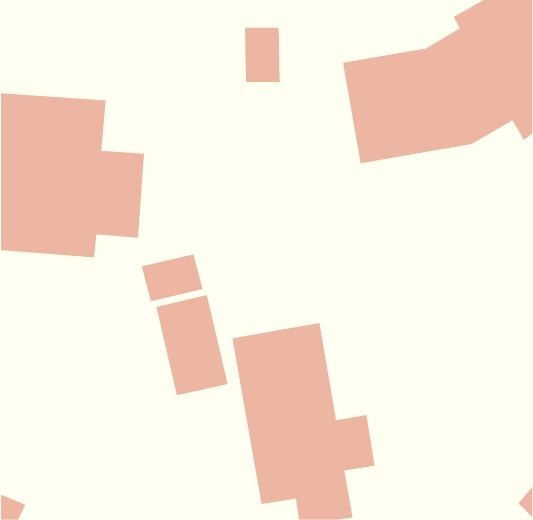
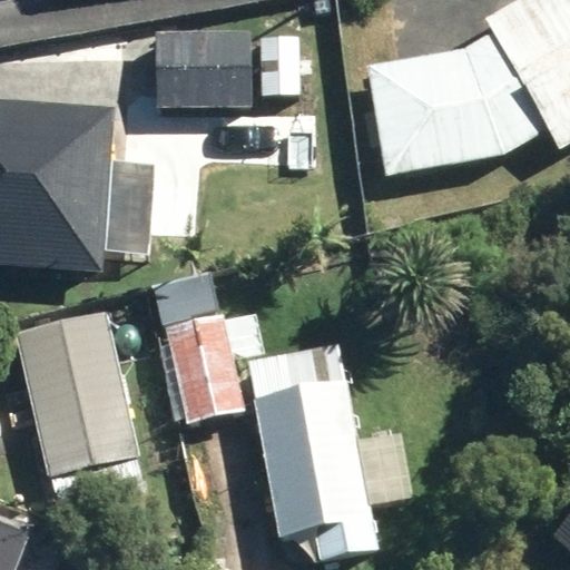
building: none -> [154,29,252,106]
building: none -> [16,309,140,476]

